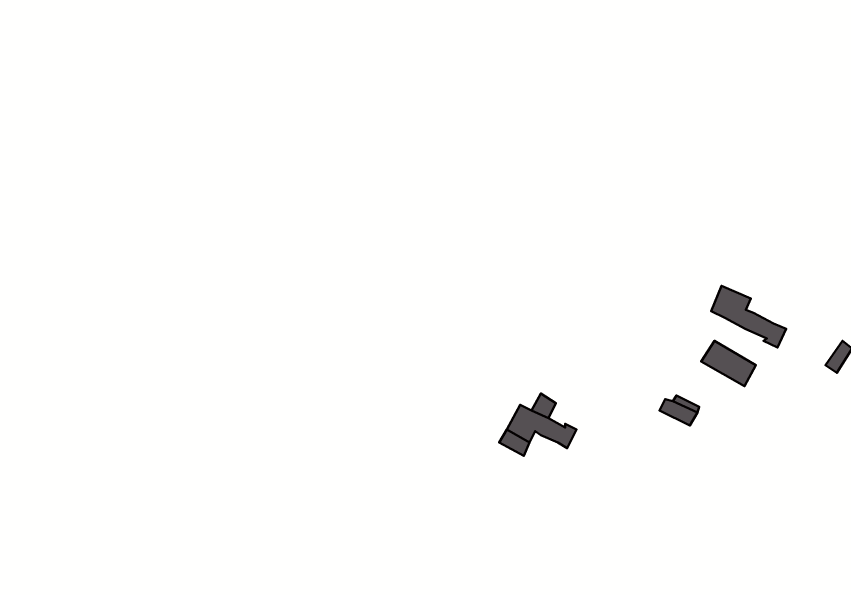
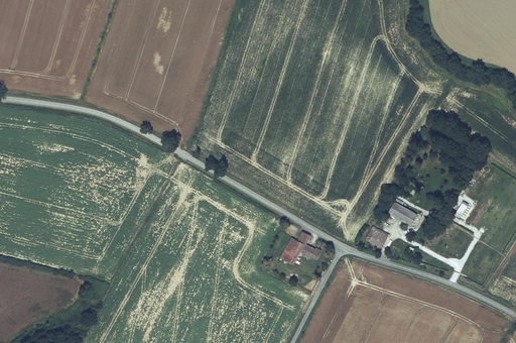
building: [711,286,786,348] -> none

